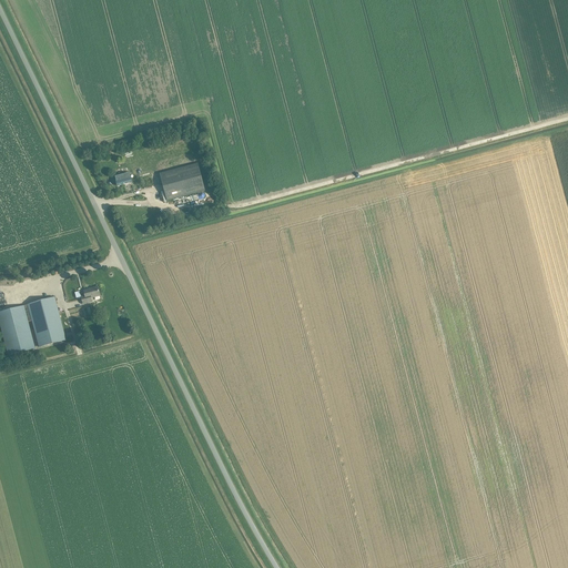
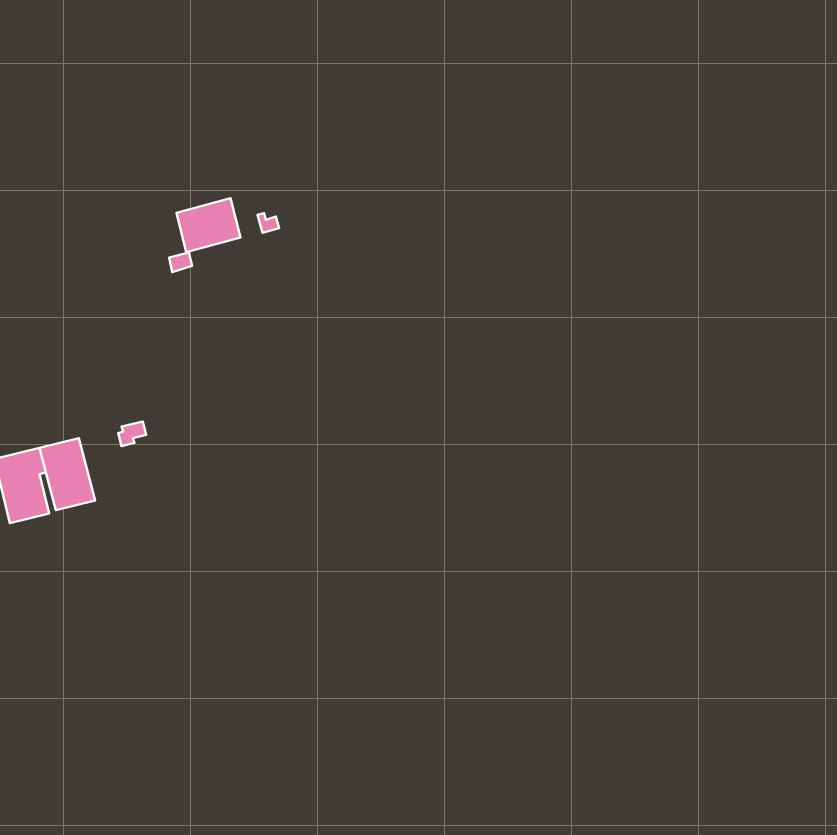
building: [160,162,203,199] -> [176,198,240,252]

